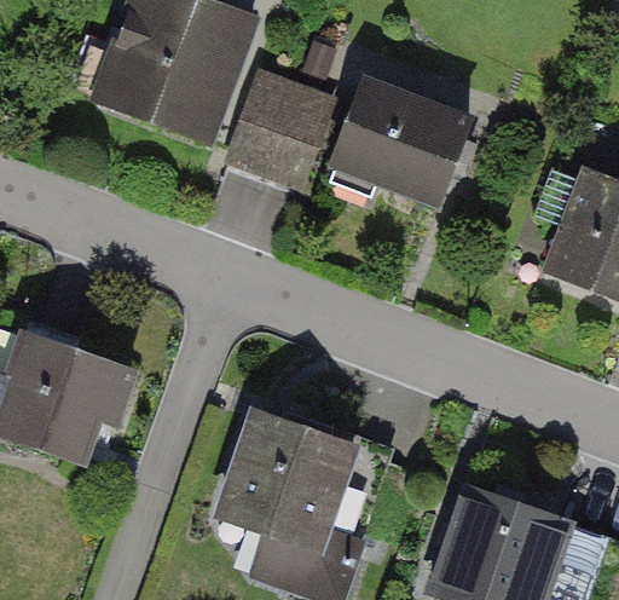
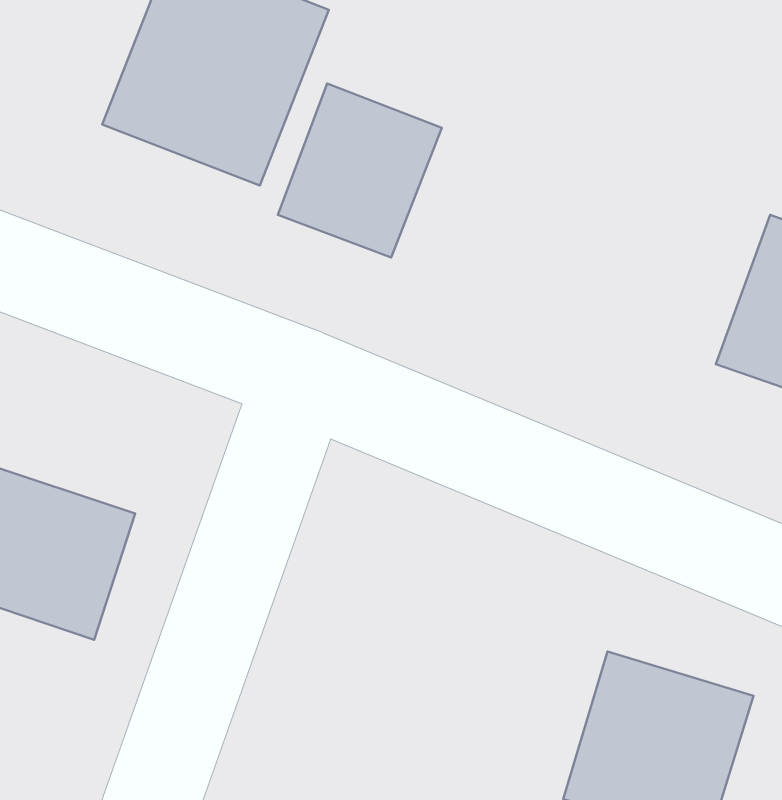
building: [330,73,476,200] -> none
building: [208,402,363,587] -> none

